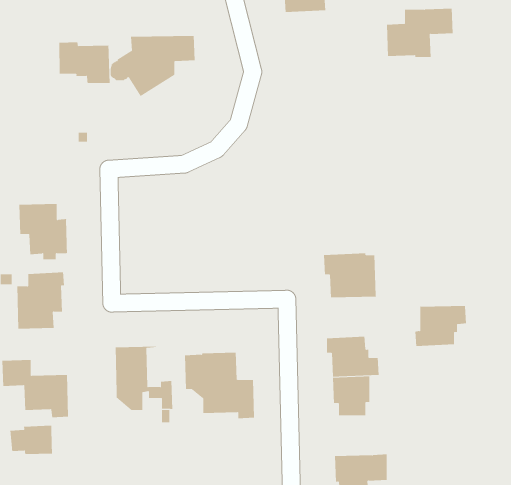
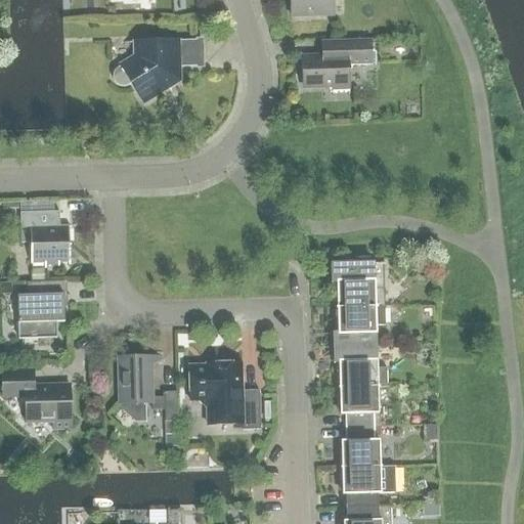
building: [386,8,454,58] -> [304,38,373,88]
building: [59,41,110,84] -> none
building: [415,305,467,347] -> [333,305,386,347]
building: none -> [341,426,381,467]
building: [10,418,53,455] -> none

